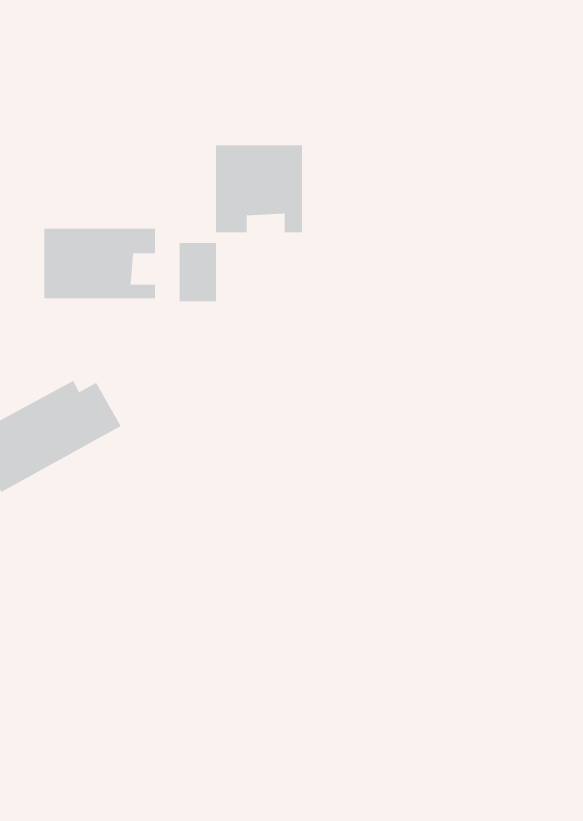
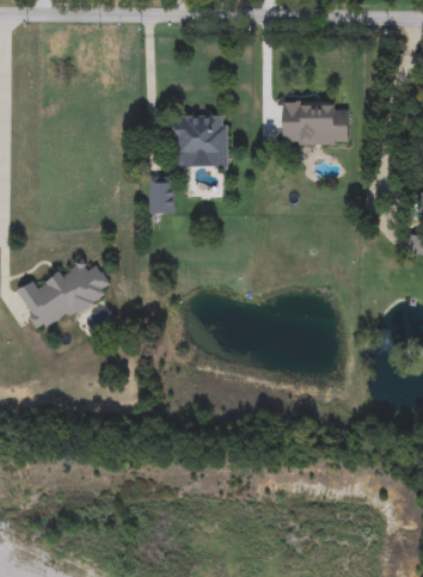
building: none -> [282,102,348,145]
building: [44,228,155,299] -> none

